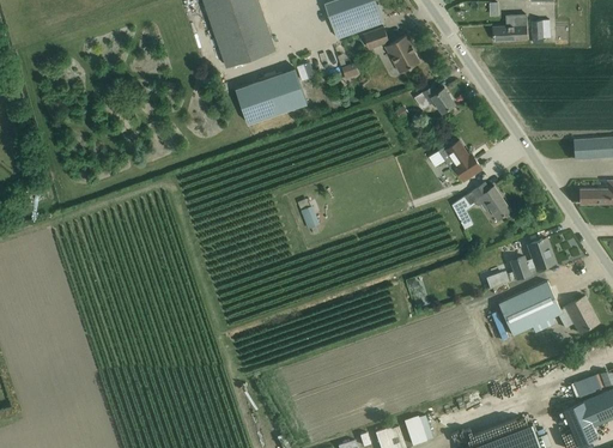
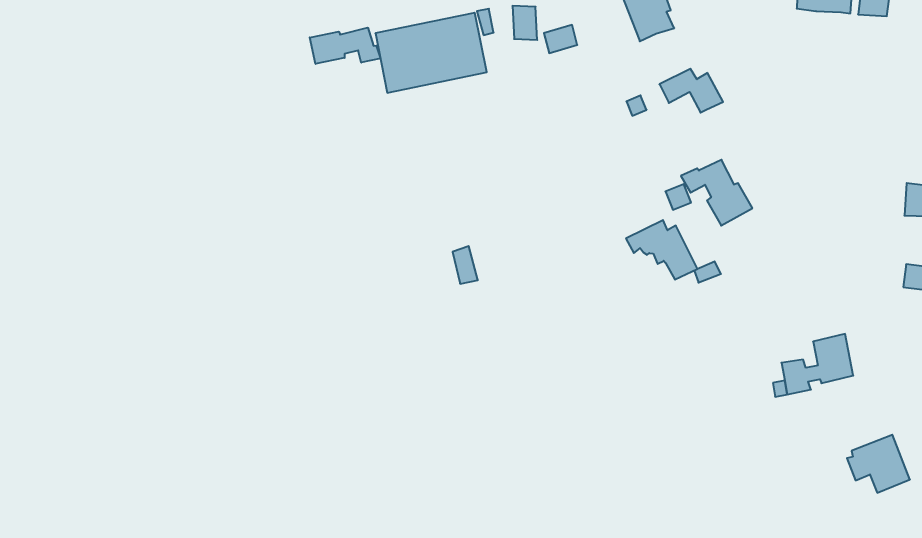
building: none -> [310,28,380,64]
building: [463,182,510,218] -> [626,220,698,280]
building: [499,280,563,334] -> none

